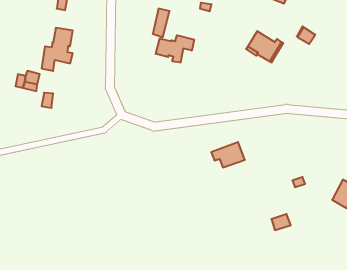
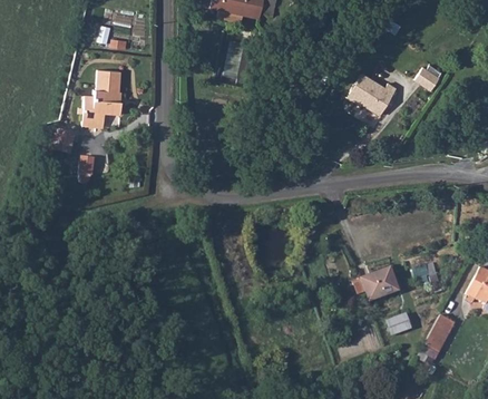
building: [156,35,194,63] -> none
building: [211,142,245,167] -> [352,267,397,301]
building: none -> [421,317,447,353]

